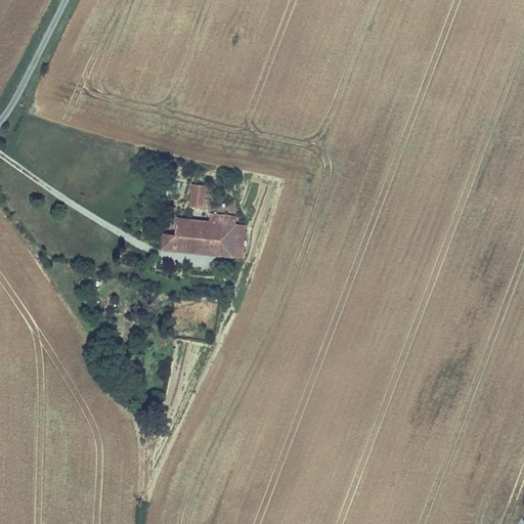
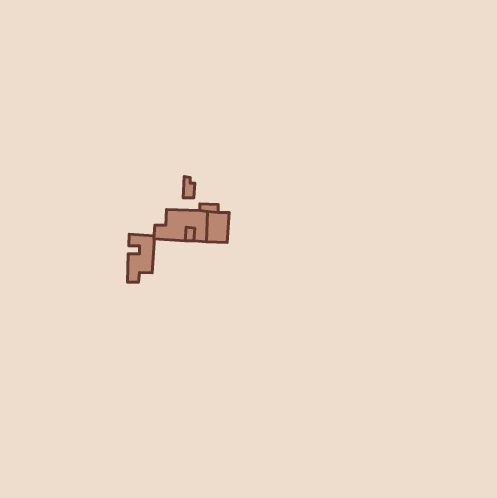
building: none -> [127,234,154,282]

